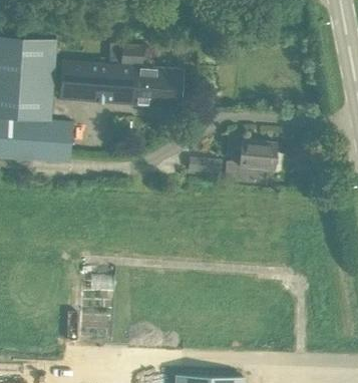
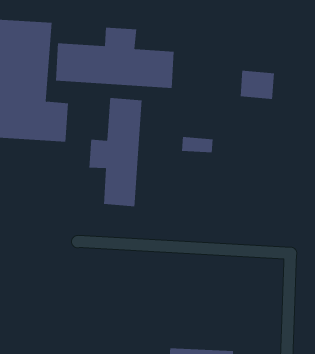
building: none -> [89,97,142,207]
building: [240,140,276,170] -> [240,70,275,99]

